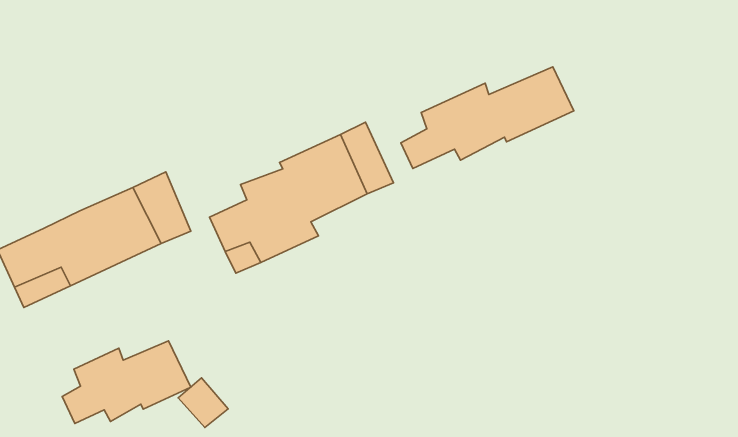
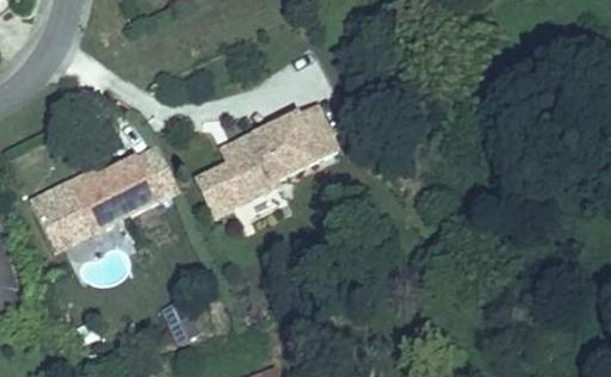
building: [401,67,574,168] -> none
building: [62,341,191,423] -> none

